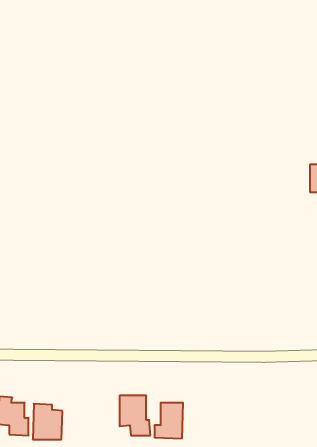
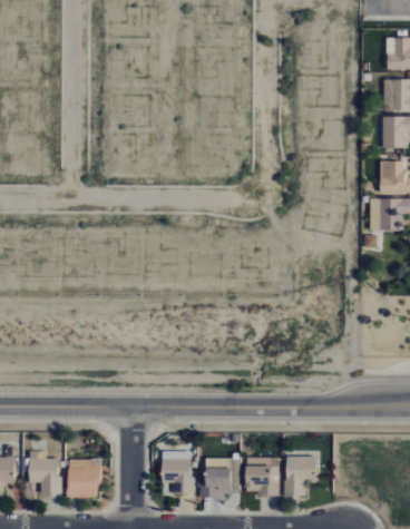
building: none -> [285,455,318,496]
building: none -> [246,457,281,496]

